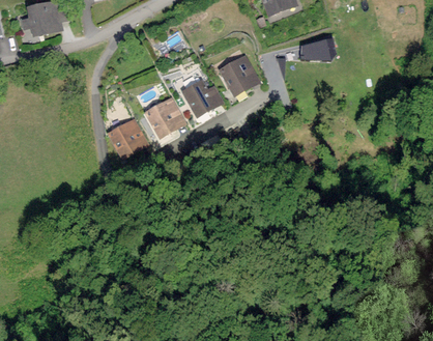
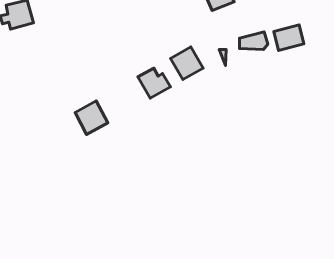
building: none -> [274,25,304,50]
building: [146,97,184,137] -> none

